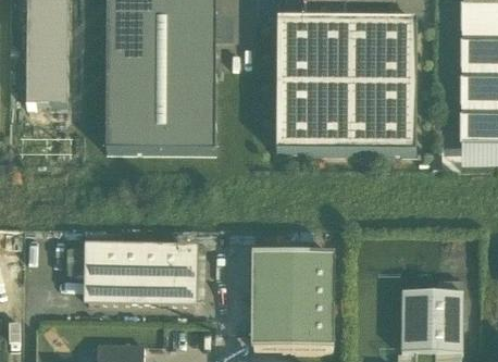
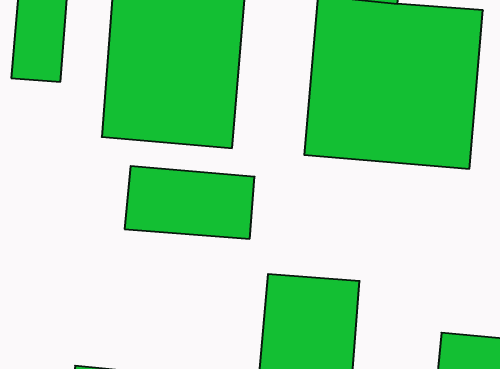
building: [87,246,192,299] -> [125,166,255,239]

